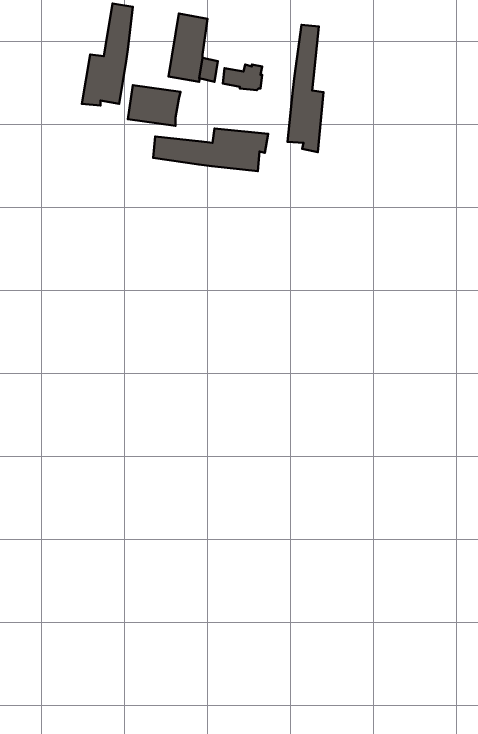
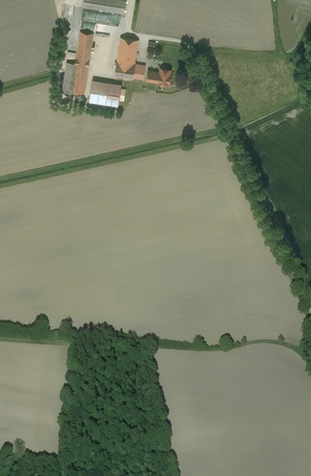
building: [288,25,324,152] -> none
building: [153,129,268,171] -> none

